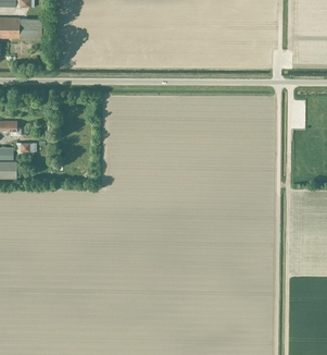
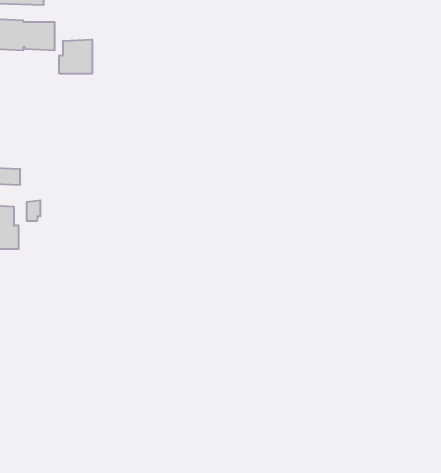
building: none -> [59,39,92,74]

